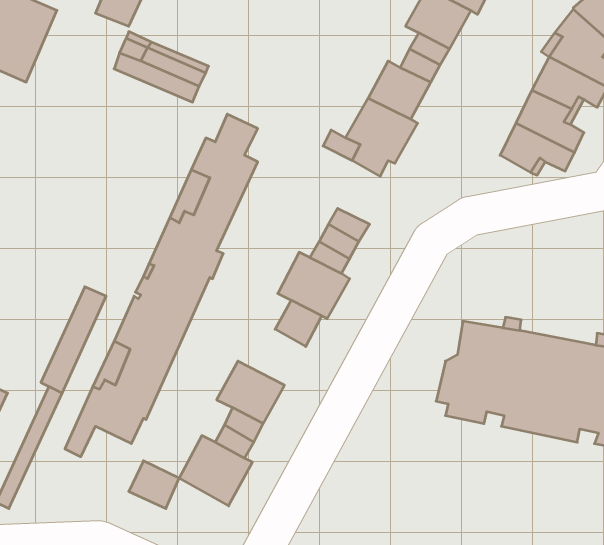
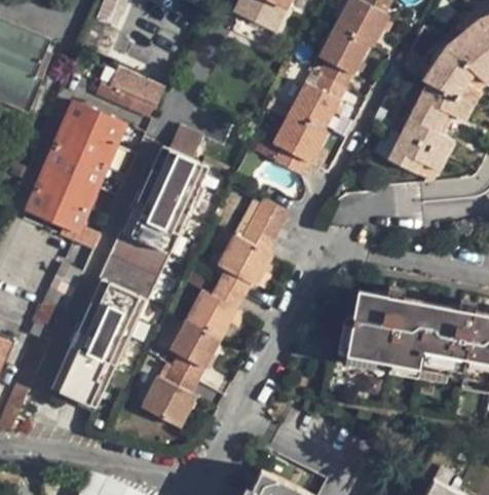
building: none -> [29,102,124,246]
building: none -> [187,288,239,336]
building: [129,461,179,509] -> [66,368,105,405]

